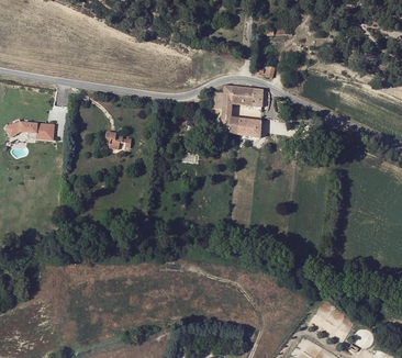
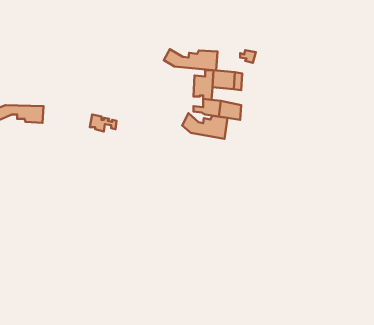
building: none -> [164,49,217,70]
building: none -> [182,113,227,139]

